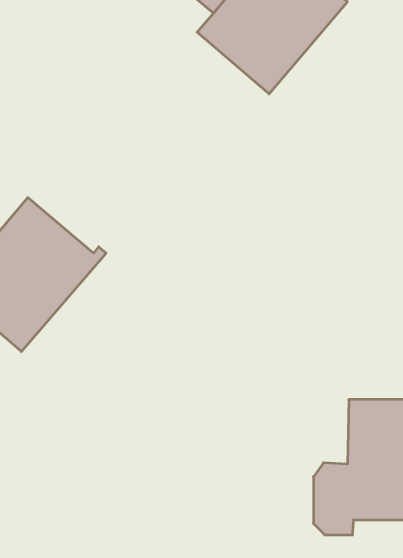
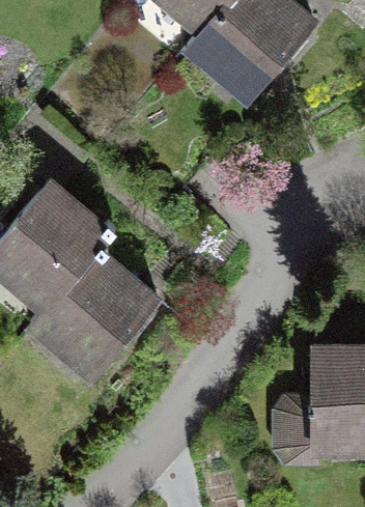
building: none -> [31,245,158,377]

